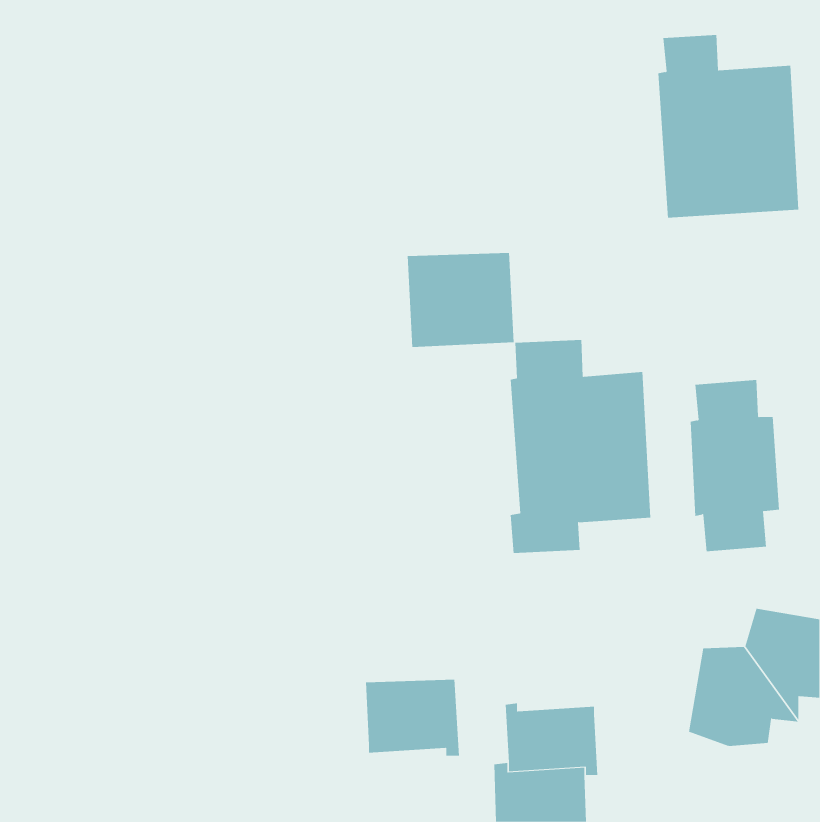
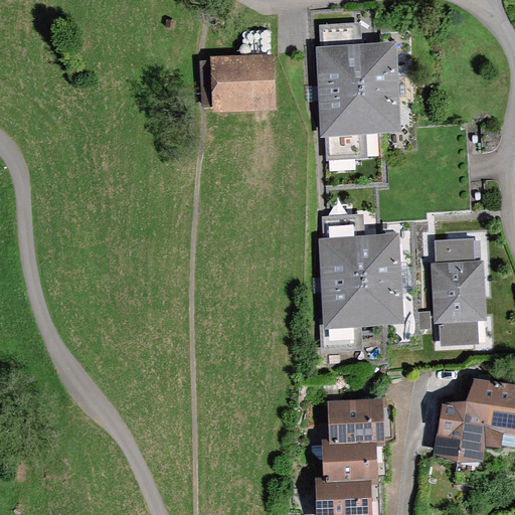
building: [658,35,799,218] -> [316,22,404,137]
building: [407,253,515,347] -> [210,53,278,113]
building: [365,679,460,756] -> [322,398,381,447]

